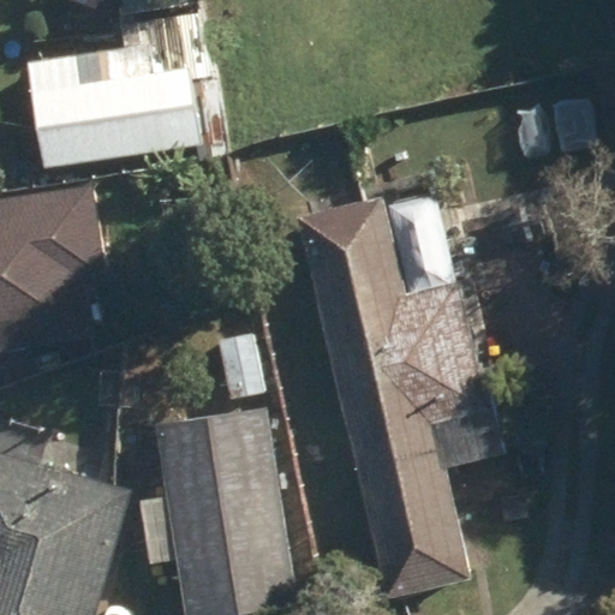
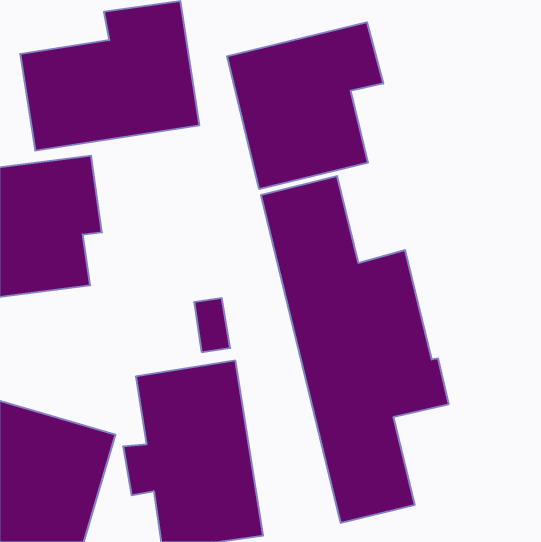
building: none -> [227,22,383,189]

